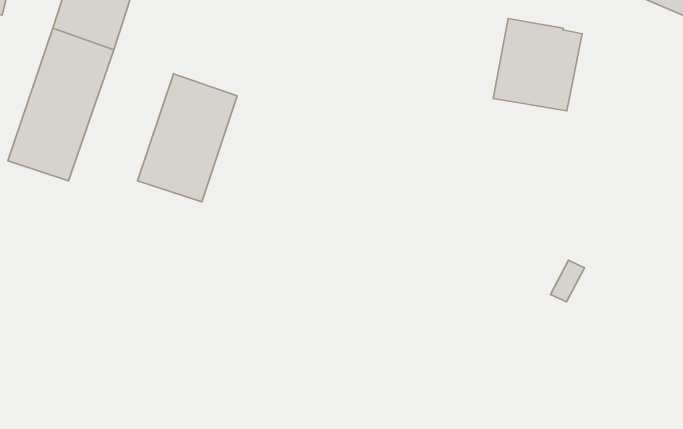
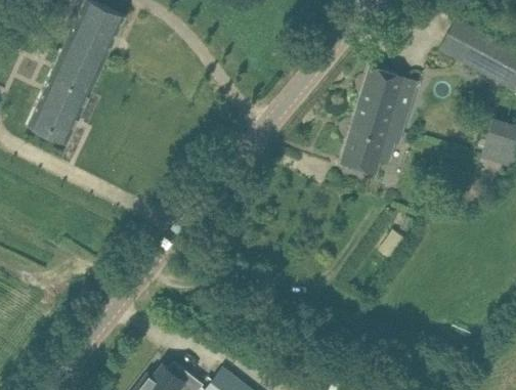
building: [137,74,237,202] -> none
building: none -> [340,118,402,174]

